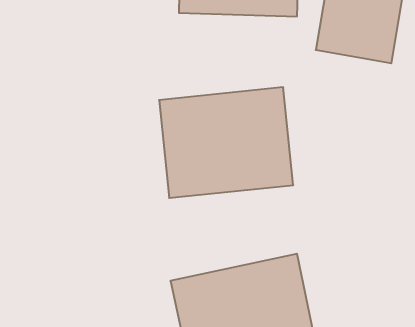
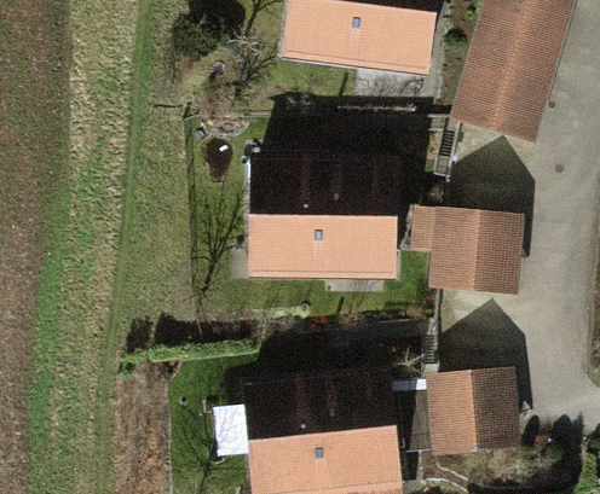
building: none -> [428,210,521,297]
building: none -> [428,366,512,449]

